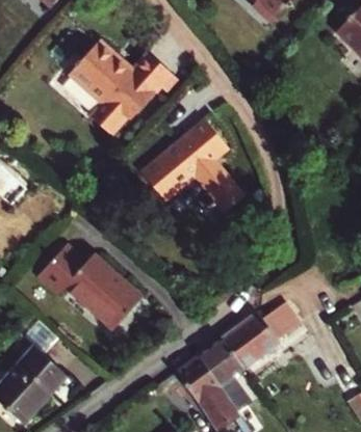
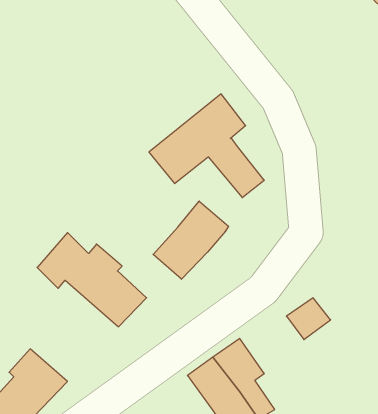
building: [70,42,172,135] -> none
building: none -> [153,201,229,279]
building: [222,313,281,370] -> none

